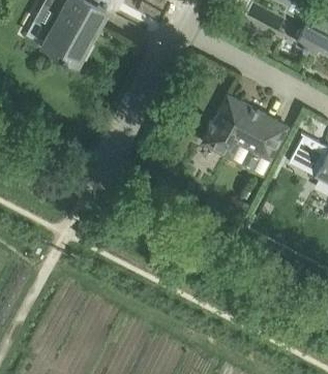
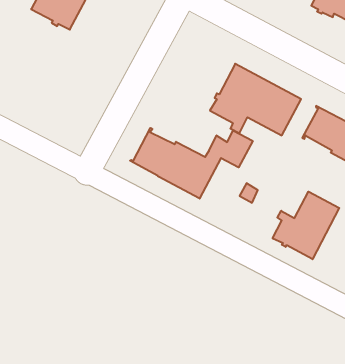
building: none -> [130,128,253,199]
building: none -> [273,192,339,259]

